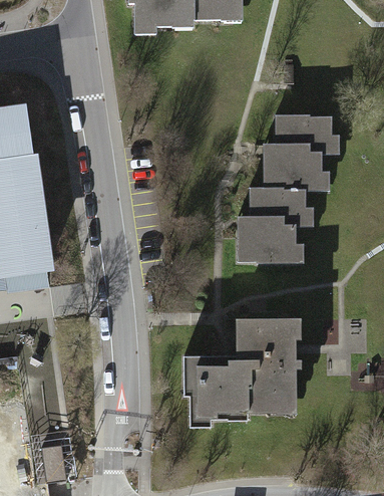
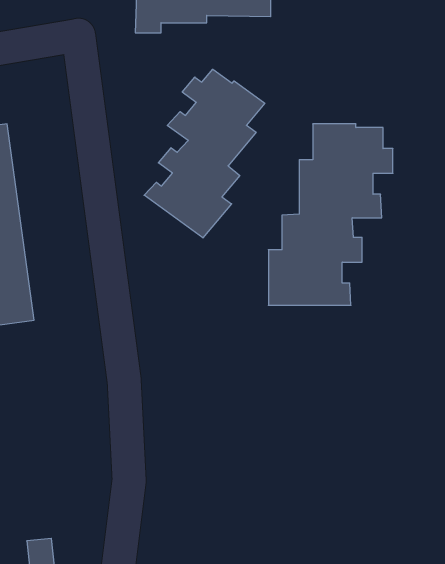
building: none -> [144,69,265,238]
building: [180,313,301,425] -> none

